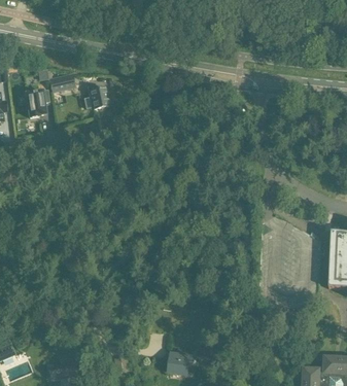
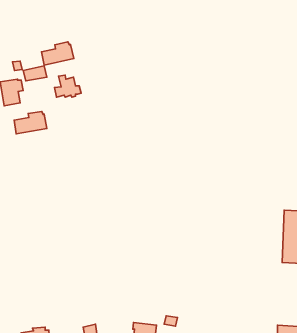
building: none -> [41,42,74,65]
building: none -> [14,111,47,134]

